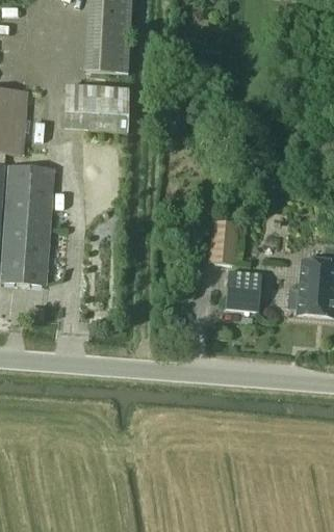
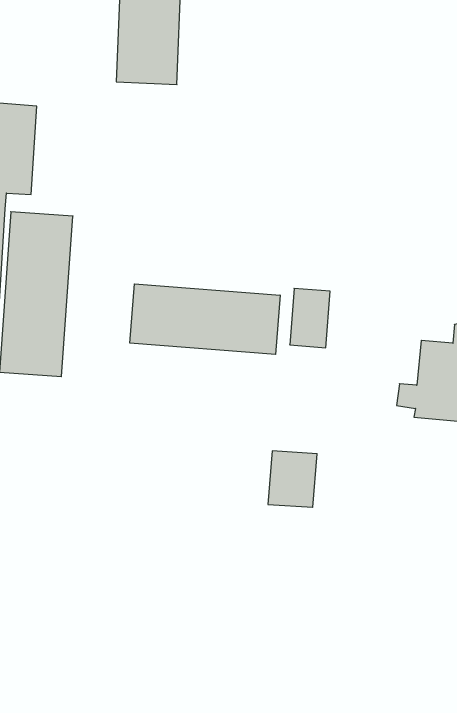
building: [66,83,130,132] -> none
building: none -> [130,284,280,354]
building: [226,269,261,310] -> [268,451,317,507]

